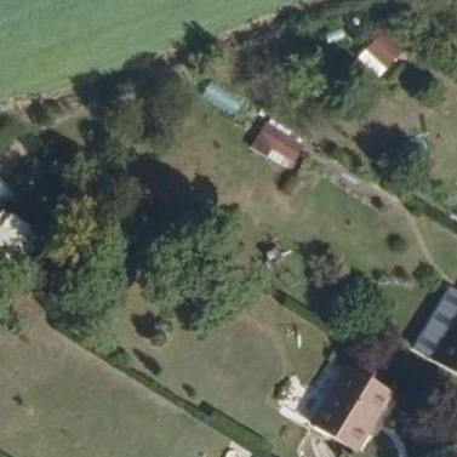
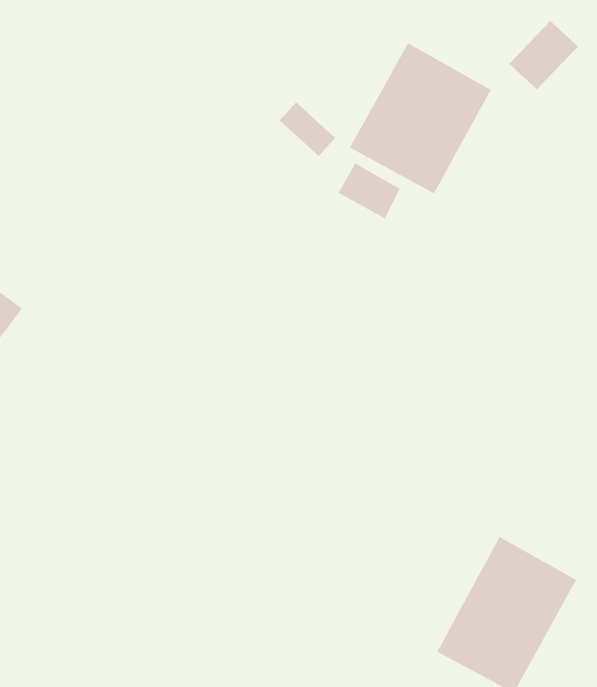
building: none -> [349,42,492,194]

